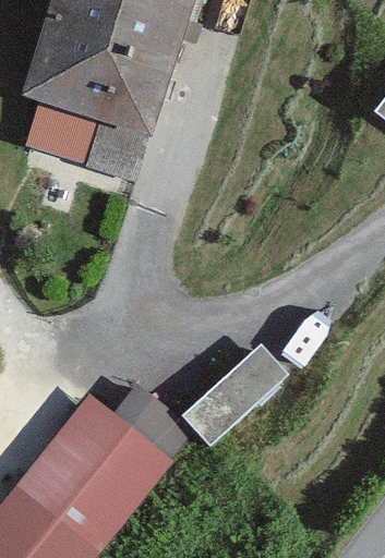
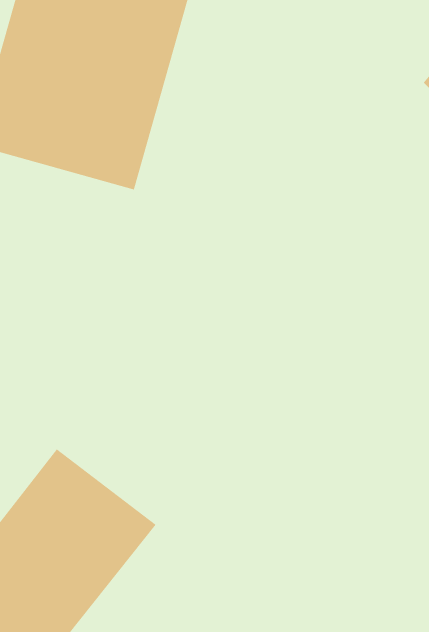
building: [185,332,297,439] -> none

